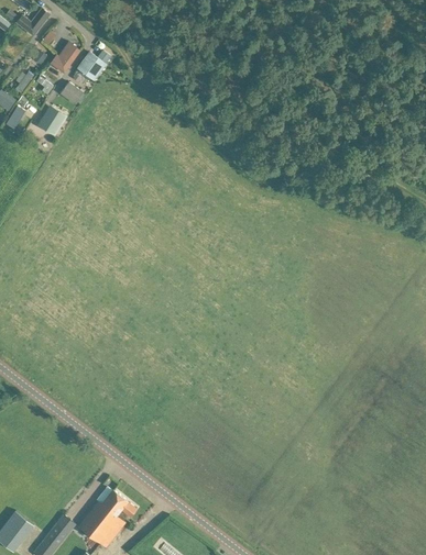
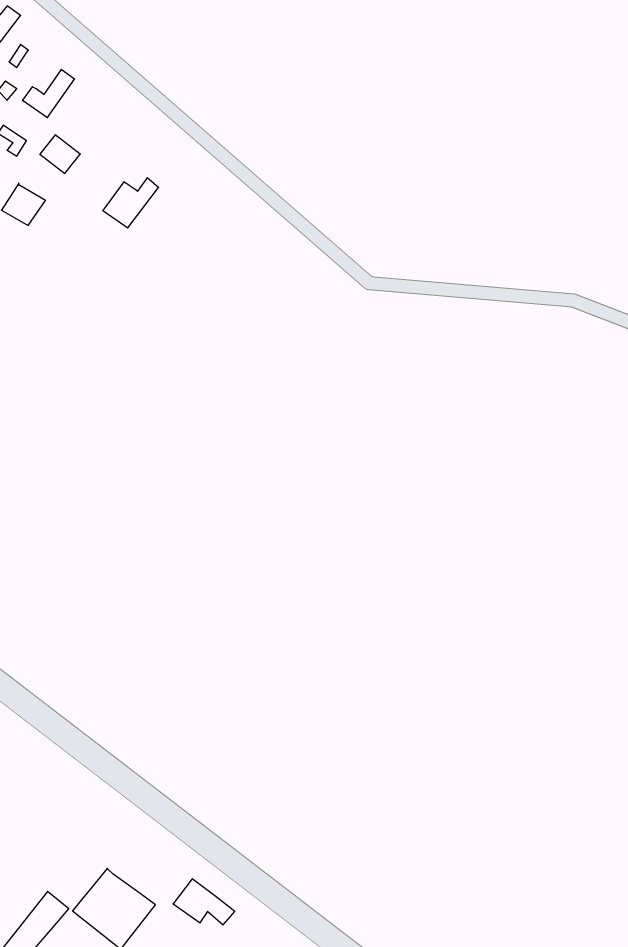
building: [77,51,109,79] -> [103,178,159,228]
building: [101,490,136,517] -> [173,879,235,925]

